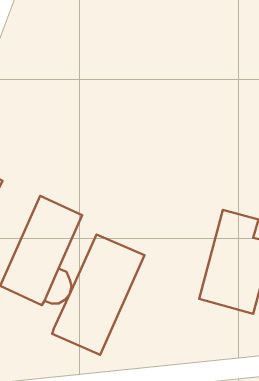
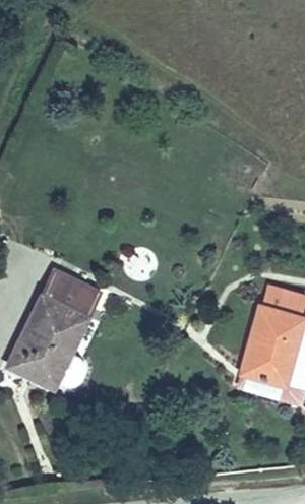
building: [52,234,145,355] -> none

